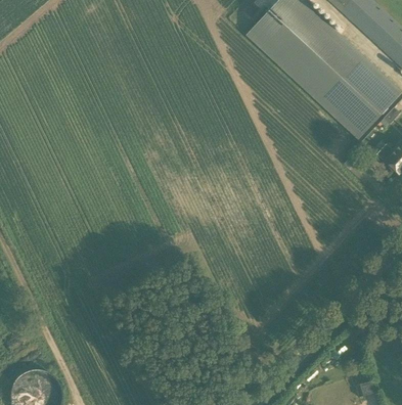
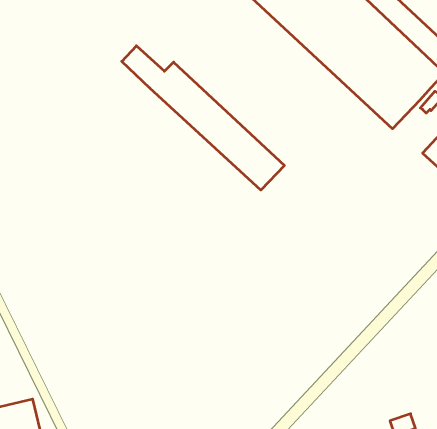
building: none -> [122,46,284,190]

